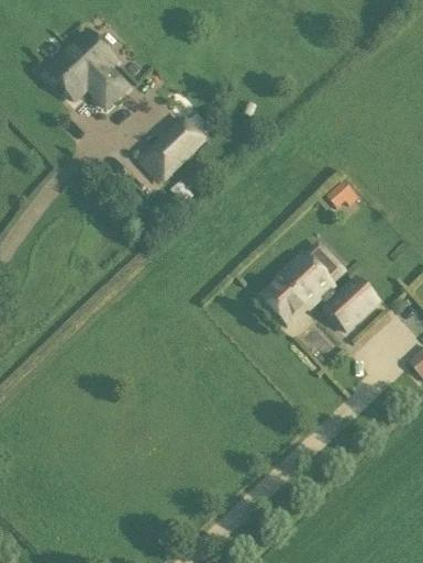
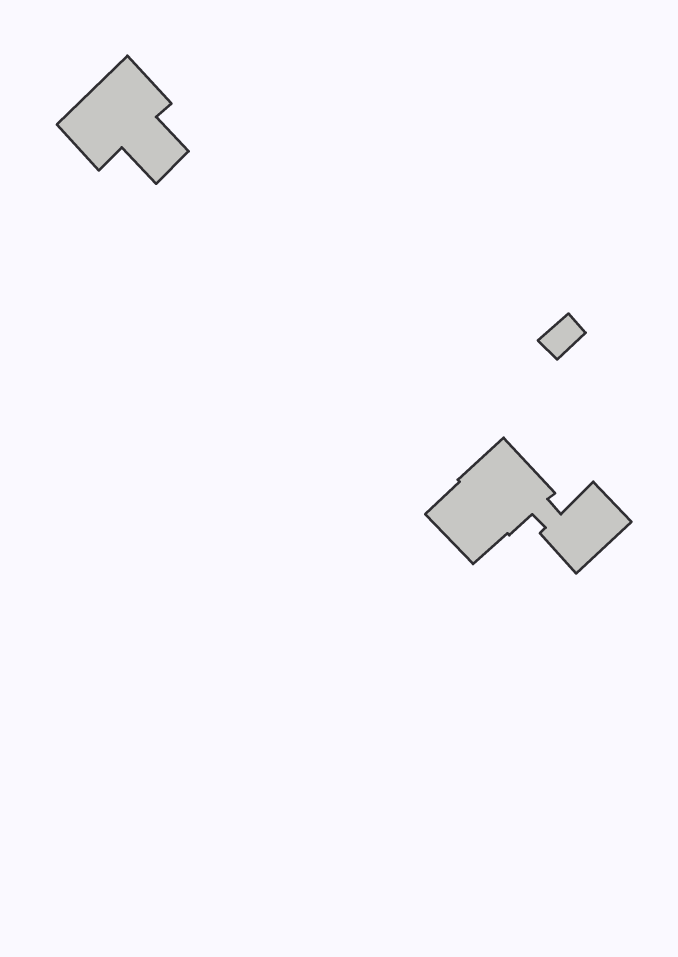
building: [147,124,204,176] -> none

